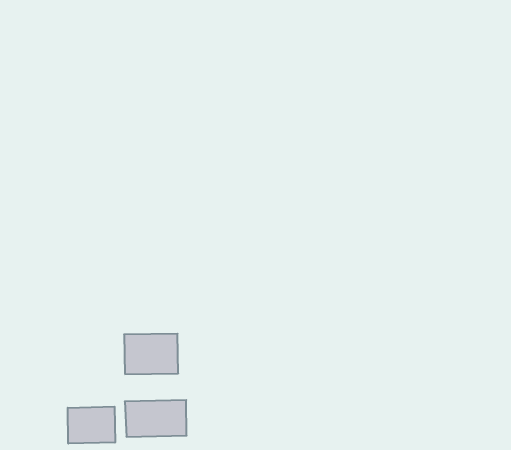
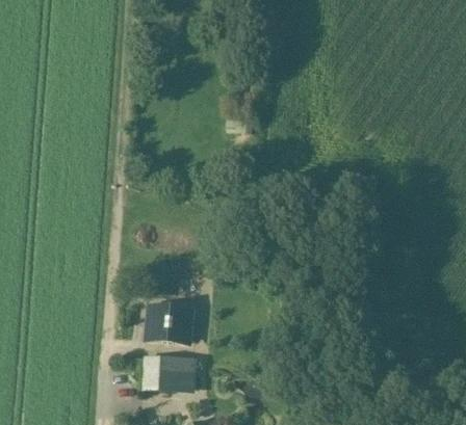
building: [68,407,115,444] -> none

